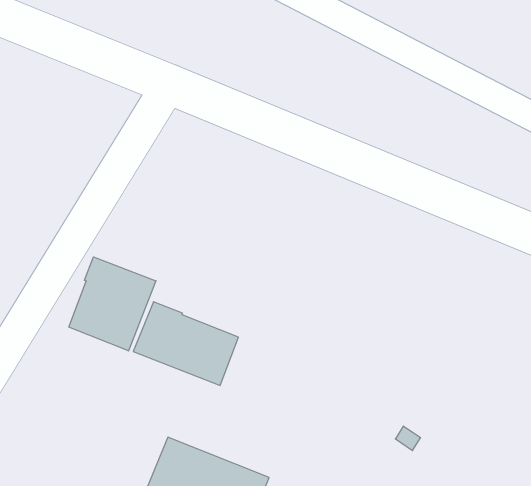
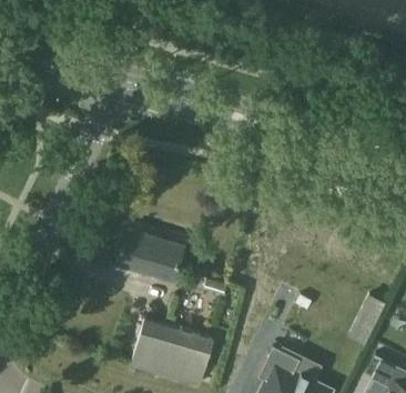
building: [69,257,156,351] -> none

